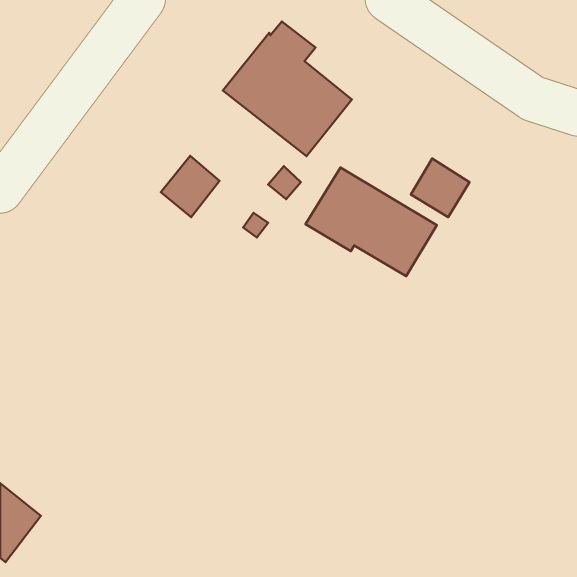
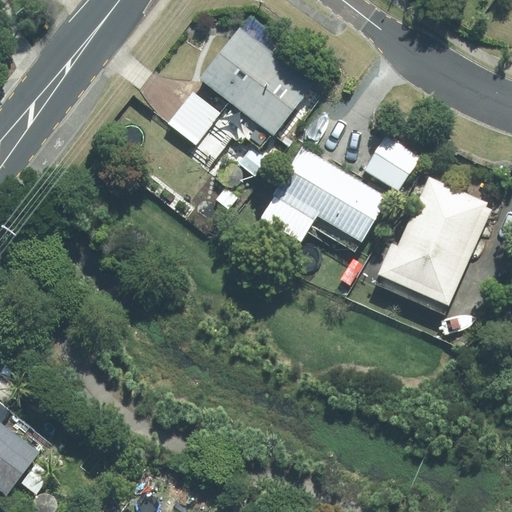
building: [161,156,220,217] -> [167,92,219,146]
building: none -> [376,178,490,308]

